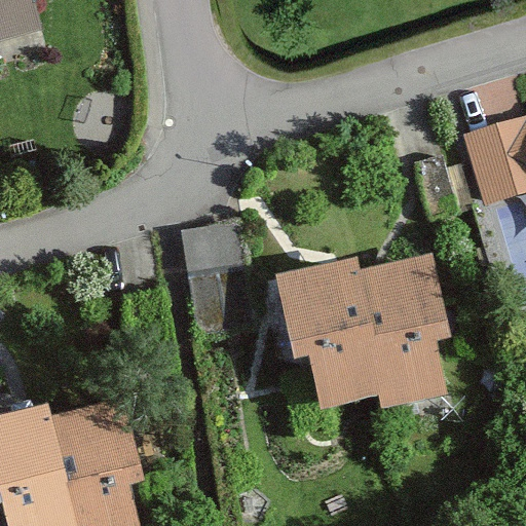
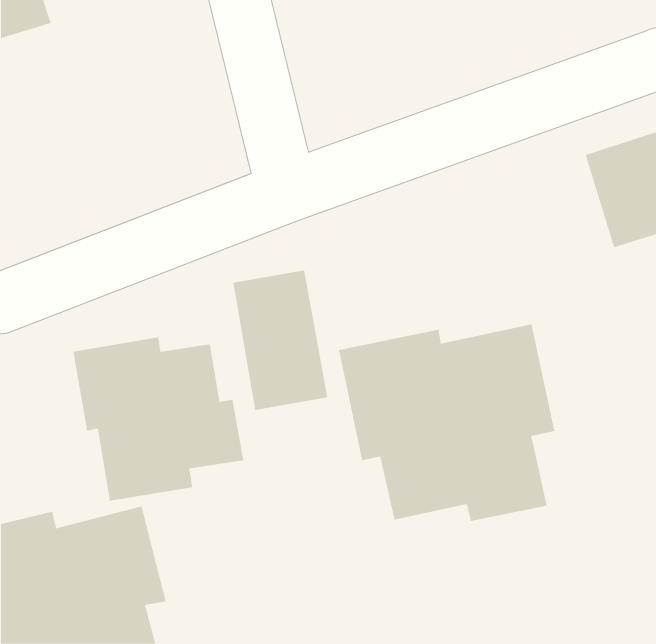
building: none -> [73,337,244,501]

